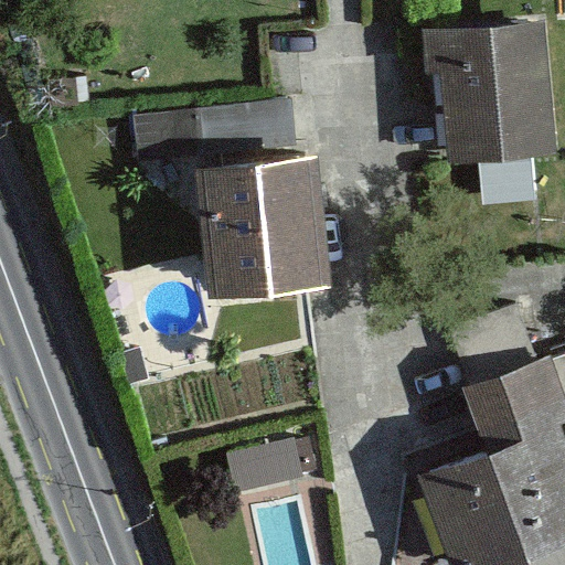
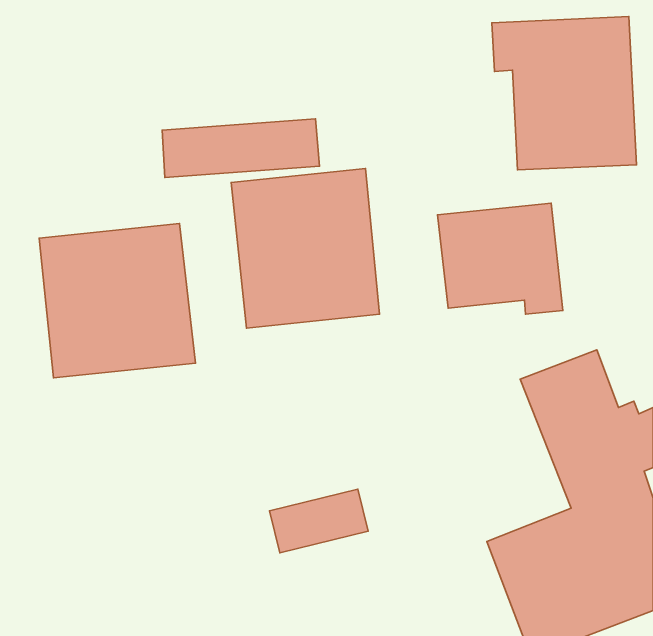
building: none -> [438,203,563,314]
building: none -> [39,223,195,378]

